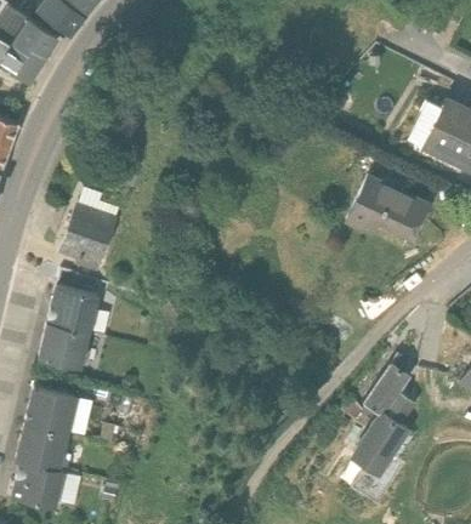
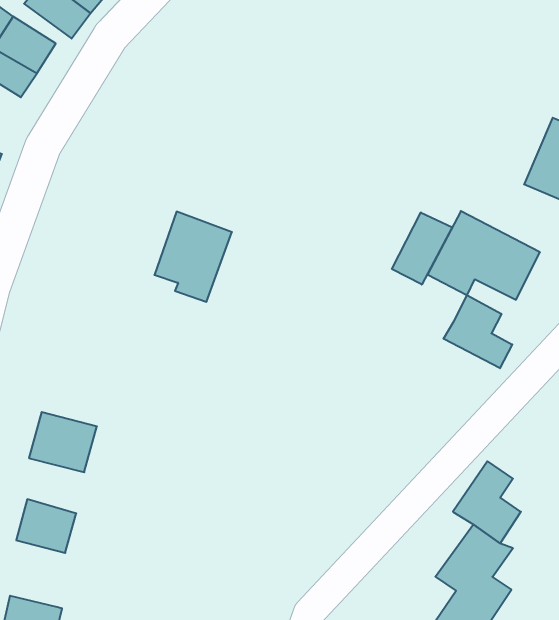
building: none -> [392,212,452,285]
building: [58,203,118,272] -> [154,212,232,302]
building: none -> [443,295,512,368]
building: [47,286,100,334] -> none
building: [21,421,66,472] -> none

